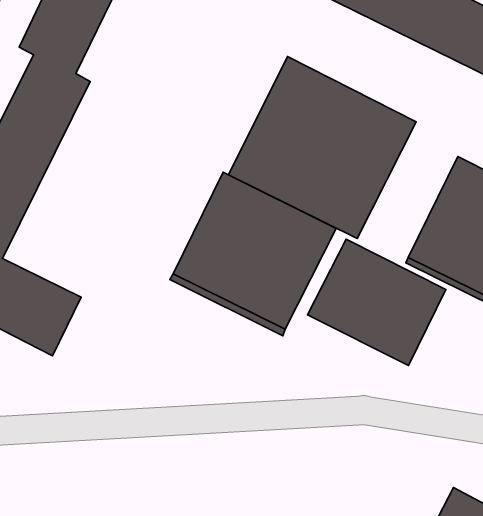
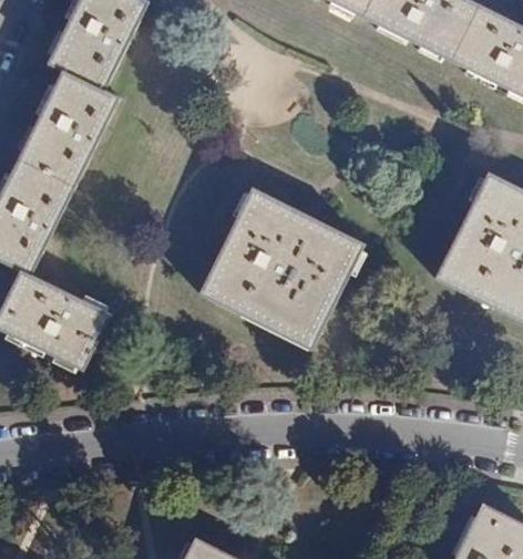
building: [228,56,416,239] -> none
building: [307,239,446,365] -> none

